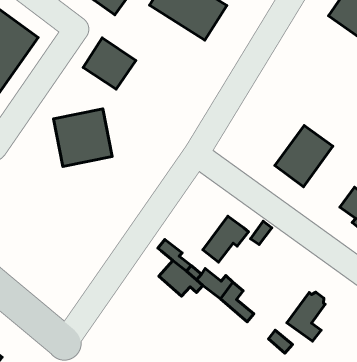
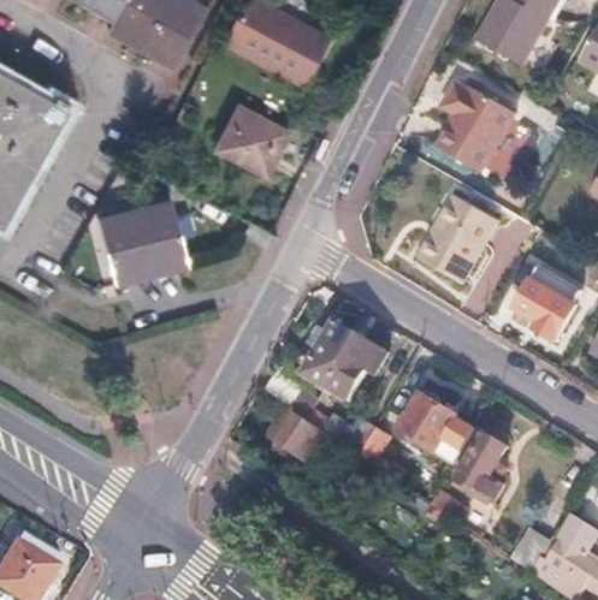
building: [83,38,136,89] -> [215,106,289,177]
building: none -> [436,84,515,172]
building: none -> [304,321,359,386]
building: none -> [398,393,478,465]

